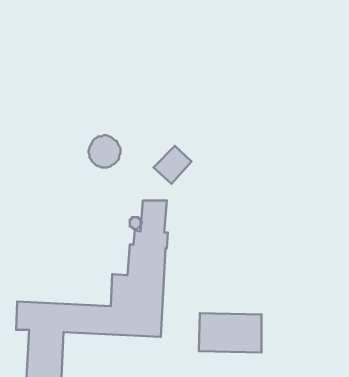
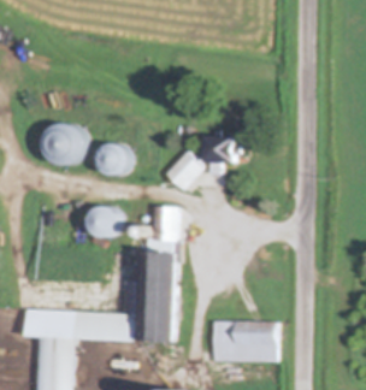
building: none -> [46,122,87,162]
building: none -> [205,137,240,175]
building: none -> [90,203,122,235]

